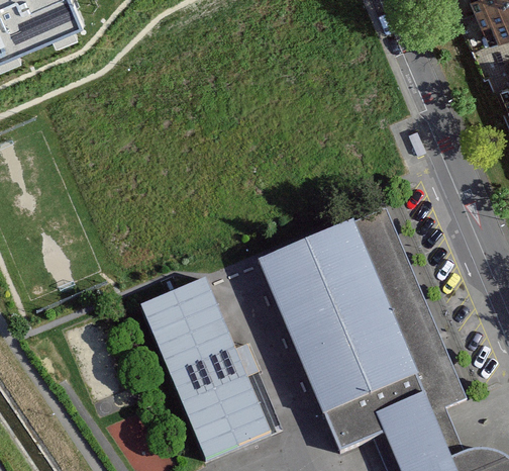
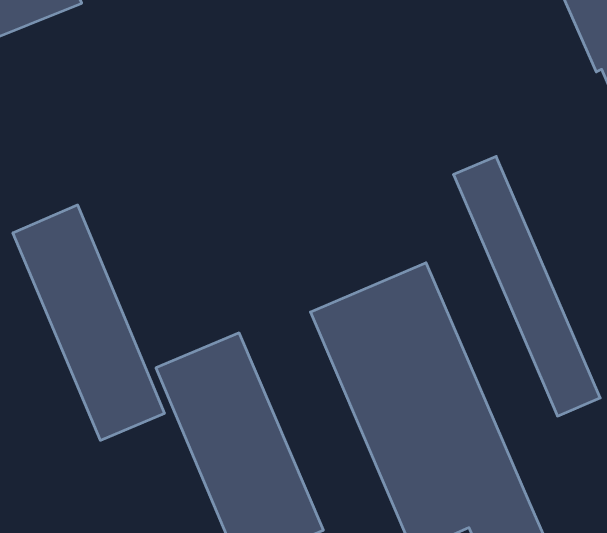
building: none -> [13,205,164,440]
building: [350,208,465,410] -> [453,156,600,416]

